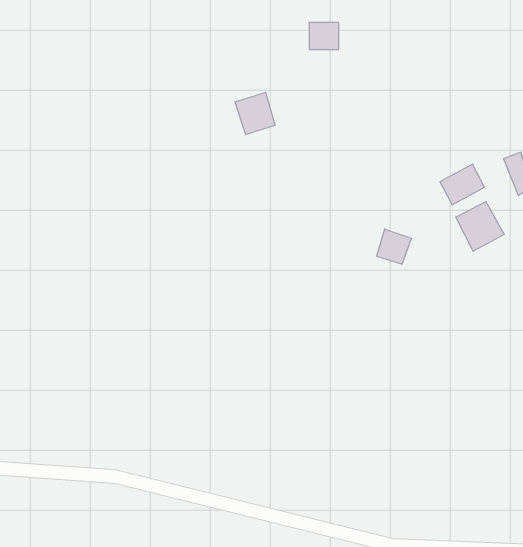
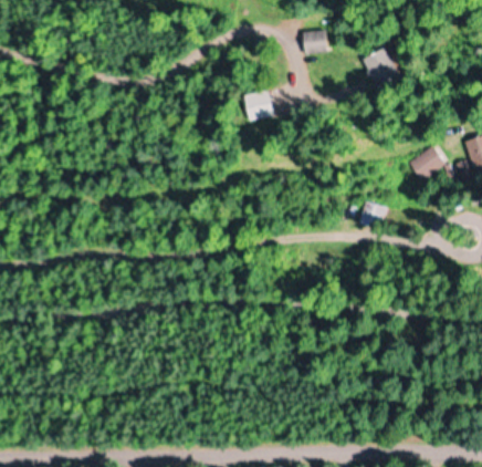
building: none -> [363,45,405,91]
building: [456,201,504,251] -> none

